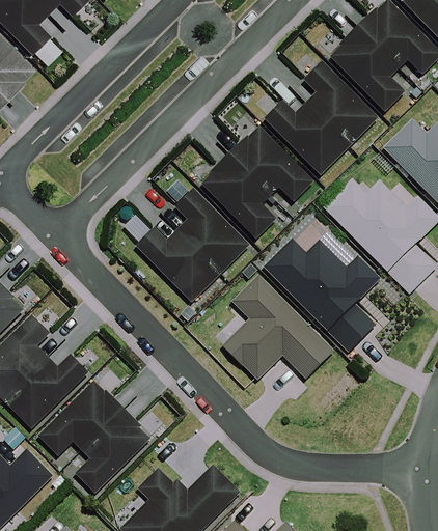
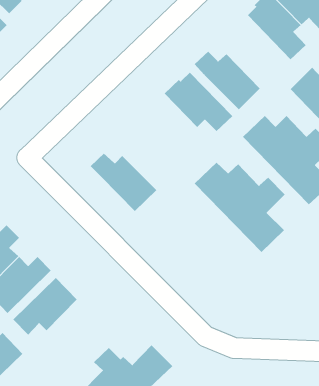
building: [303,61,377,146] -> none
building: [202,152,275,236] -> none
building: [173,188,248,273] -> none
building: [222,274,333,378] -> none
building: [75,409,149,492] -> none

